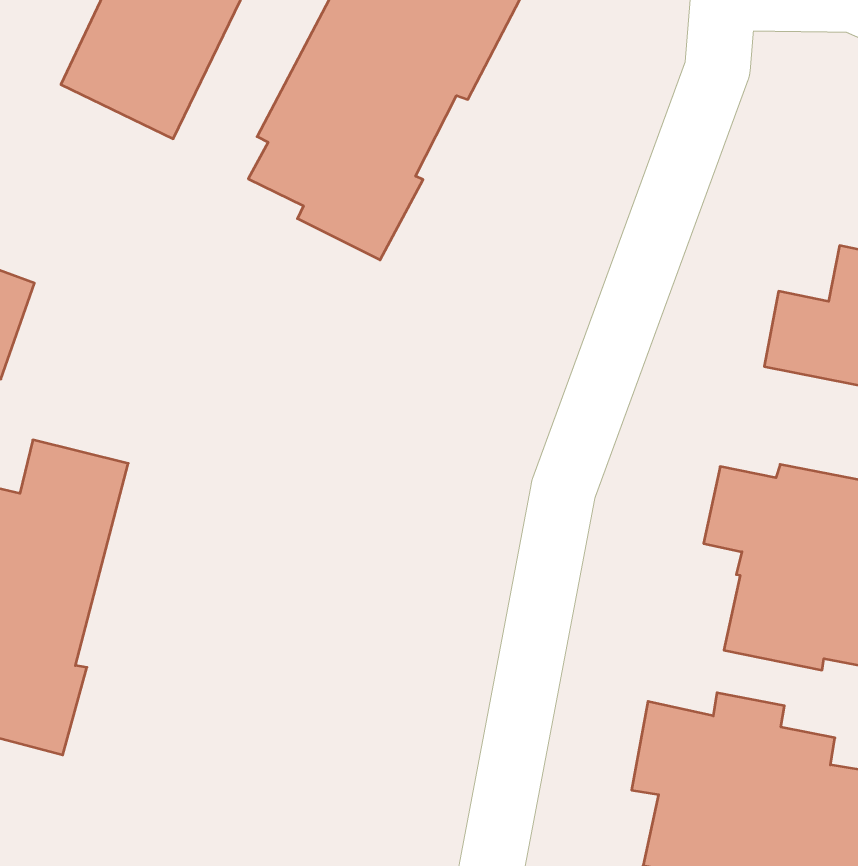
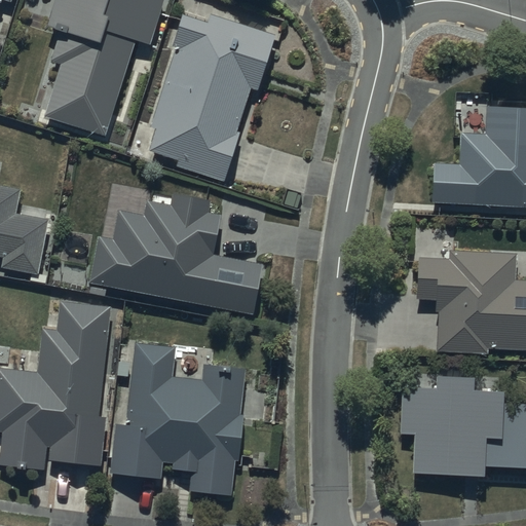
building: none -> [89,194,262,312]
building: none -> [111,343,246,495]

